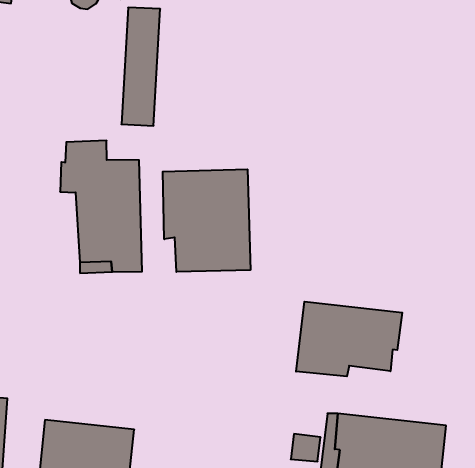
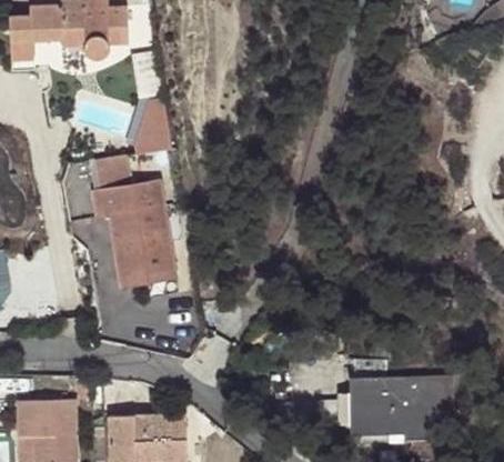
building: [163,169,250,272] -> none
building: [296,302,402,376] -> none

